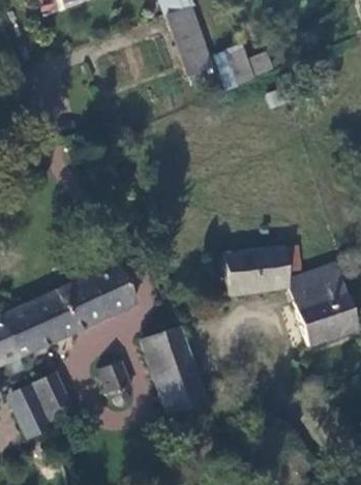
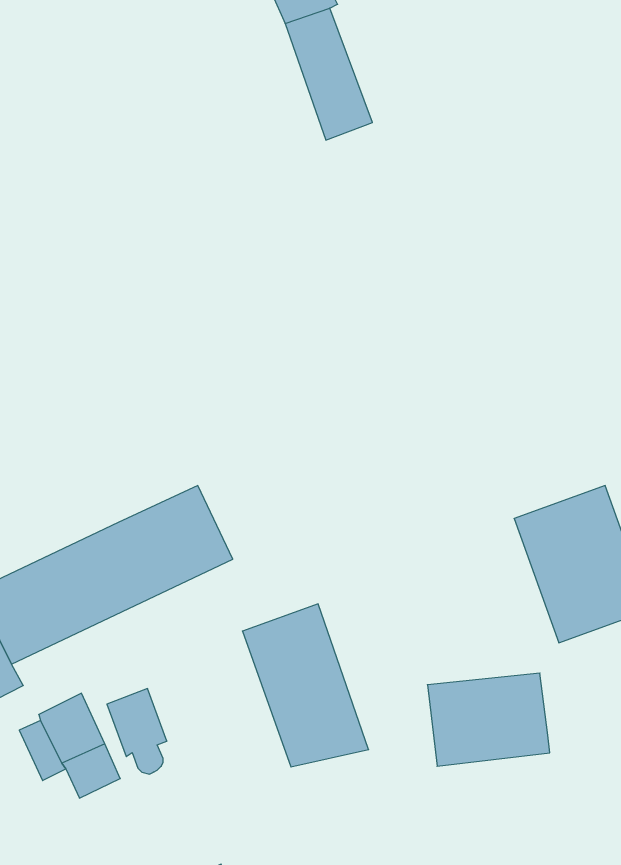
building: [216,42,276,87] -> none
building: [221,246,287,296] -> [427,673,550,766]
building: [100,360,132,405] -> [107,689,167,774]

